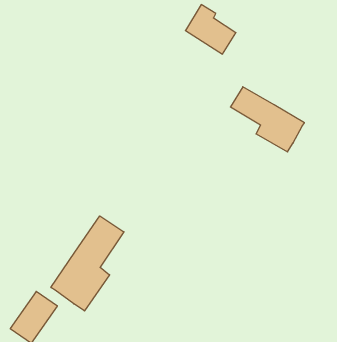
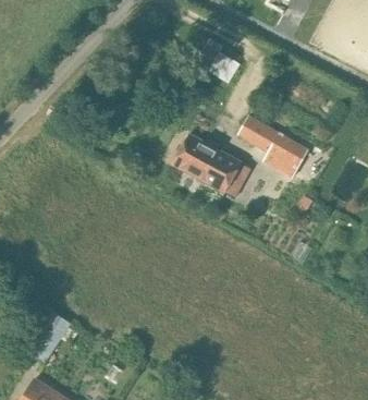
building: none -> [172,133,243,194]
building: [51,216,124,311] -> none

